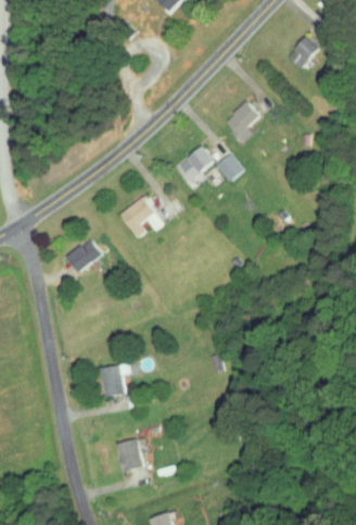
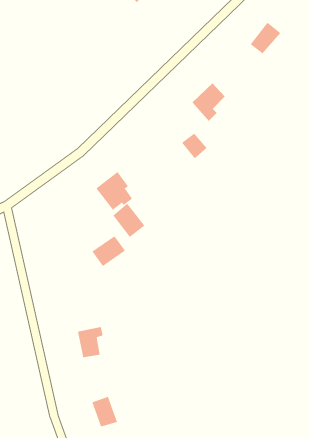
building: [179,147,215,179] -> none
building: none -> [113,203,145,238]
building: [64,239,101,273] -> [92,235,126,267]

